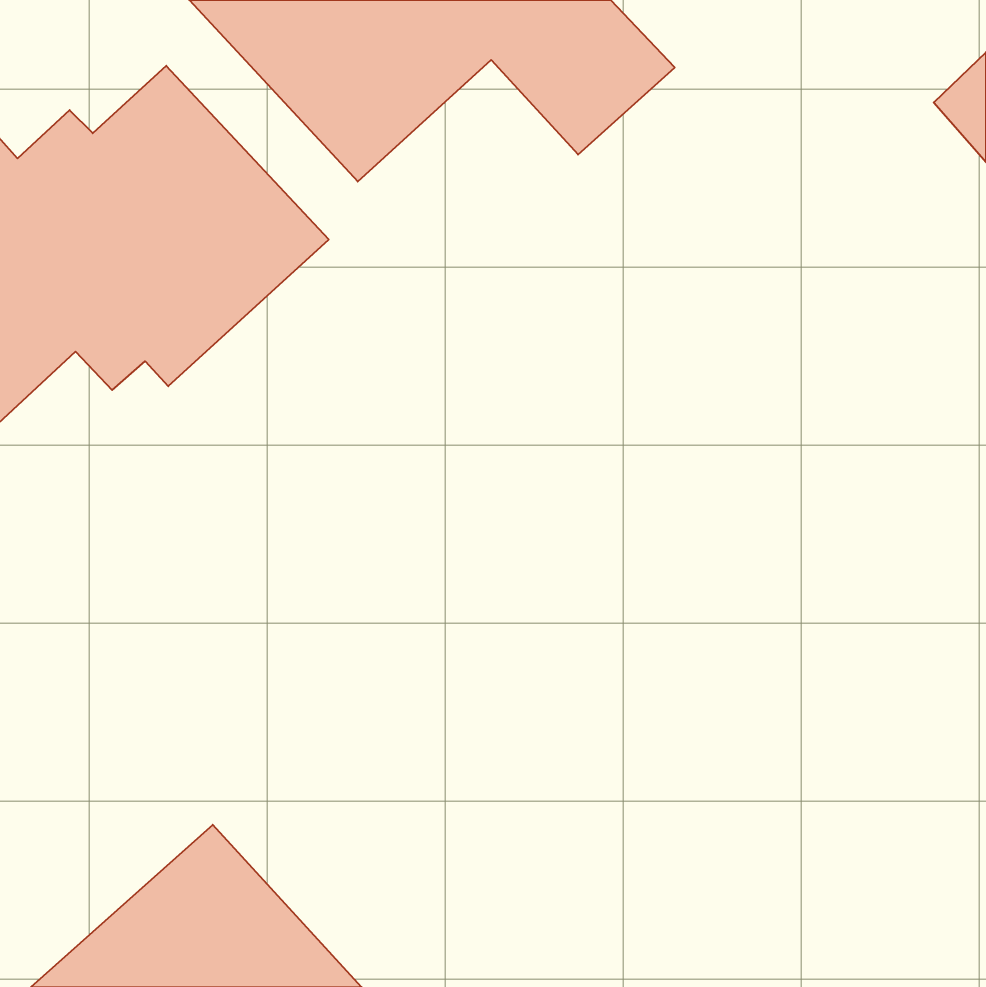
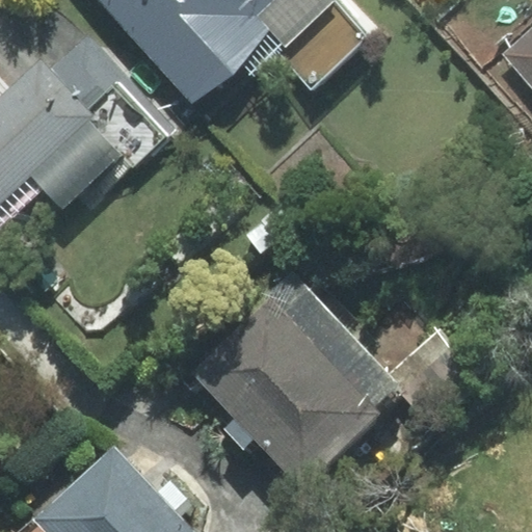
building: none -> [190,284,397,489]

